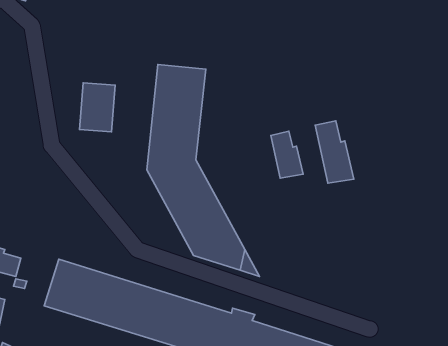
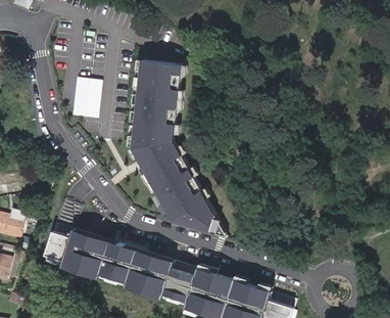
building: [315,121,354,183] -> none
building: [271,131,303,178] -> none

